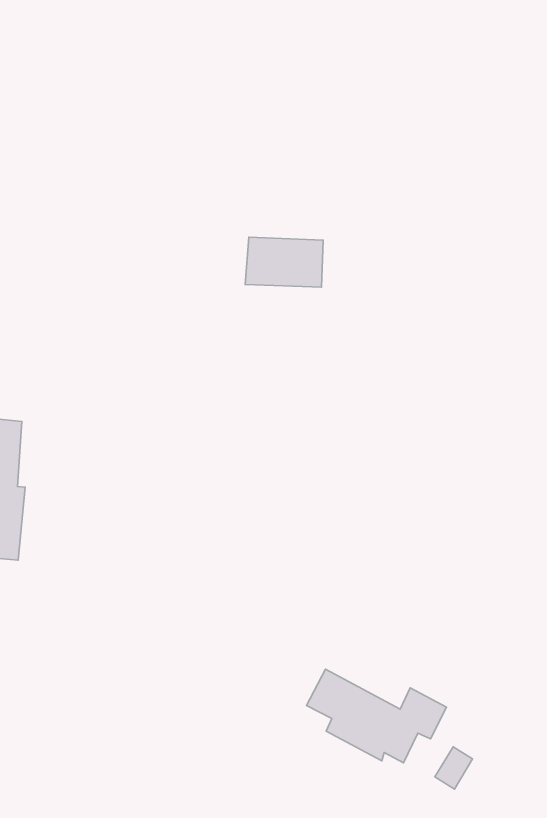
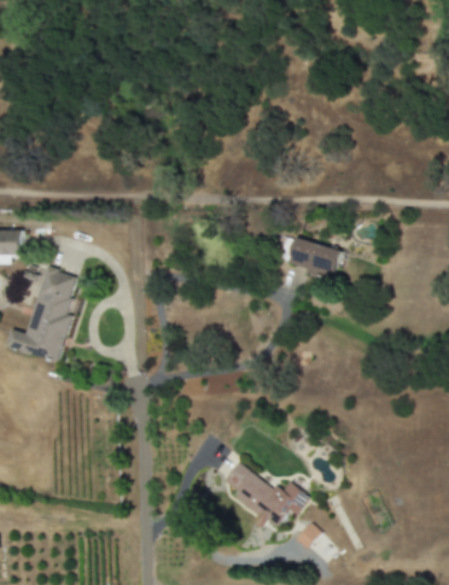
building: [245,237,323,287] -> [288,239,342,277]

